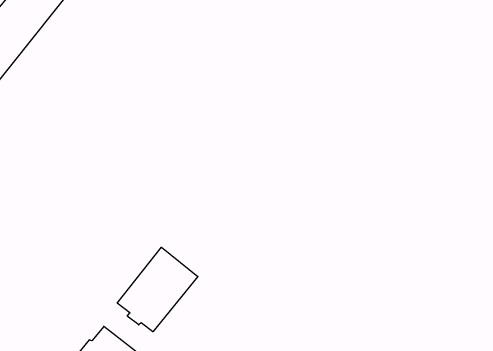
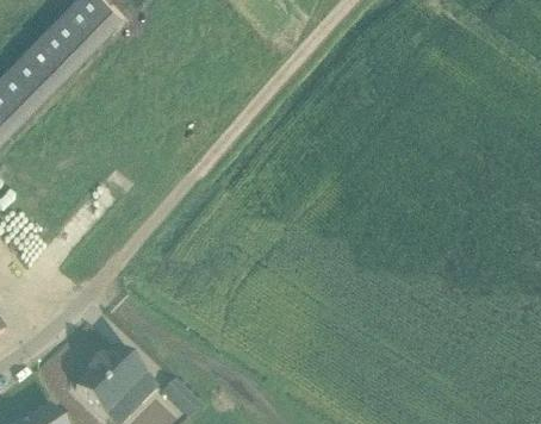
building: [117,247,198,332] -> none

